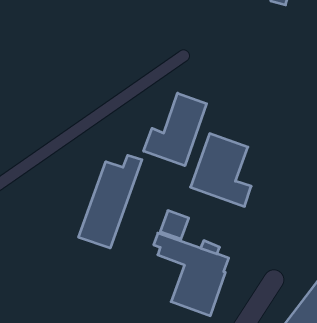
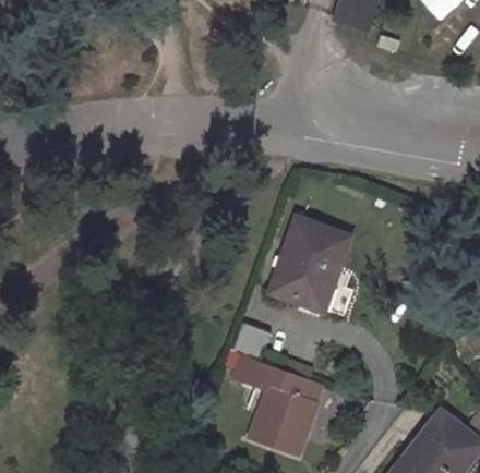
building: [144,93,207,166] -> none
building: [79,155,142,248] -> none

